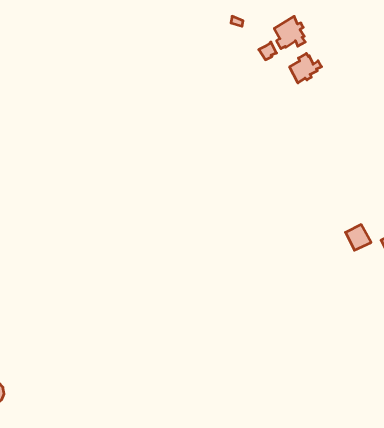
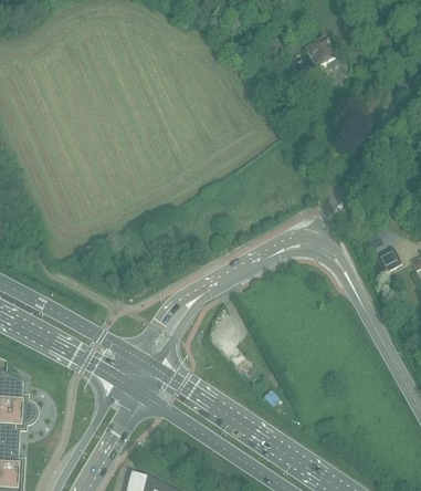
building: [290,53,322,83] -> none

